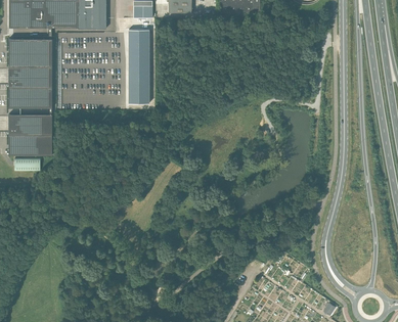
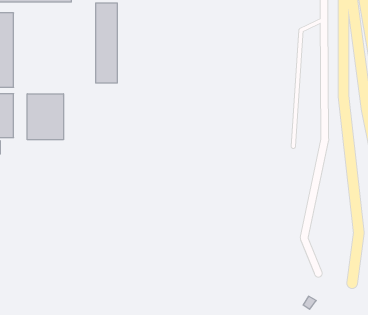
building: none -> [27,94,63,140]

